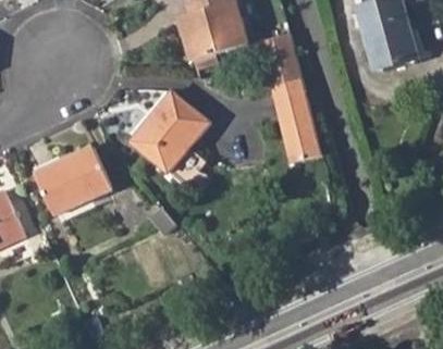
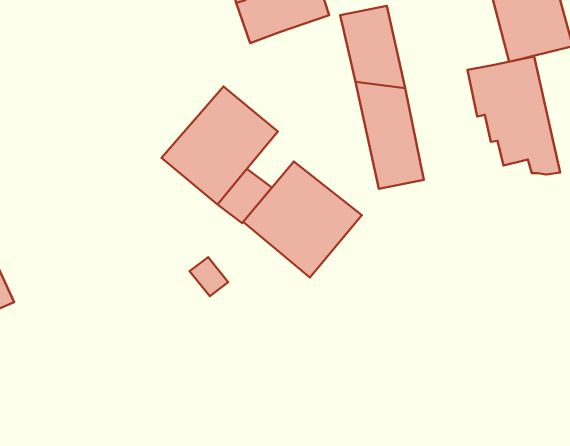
building: none -> [467,57,560,174]
building: none -> [243,161,362,278]
building: [38,148,116,219] -> none

